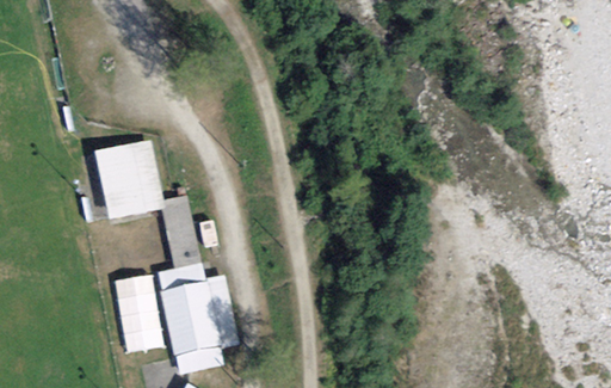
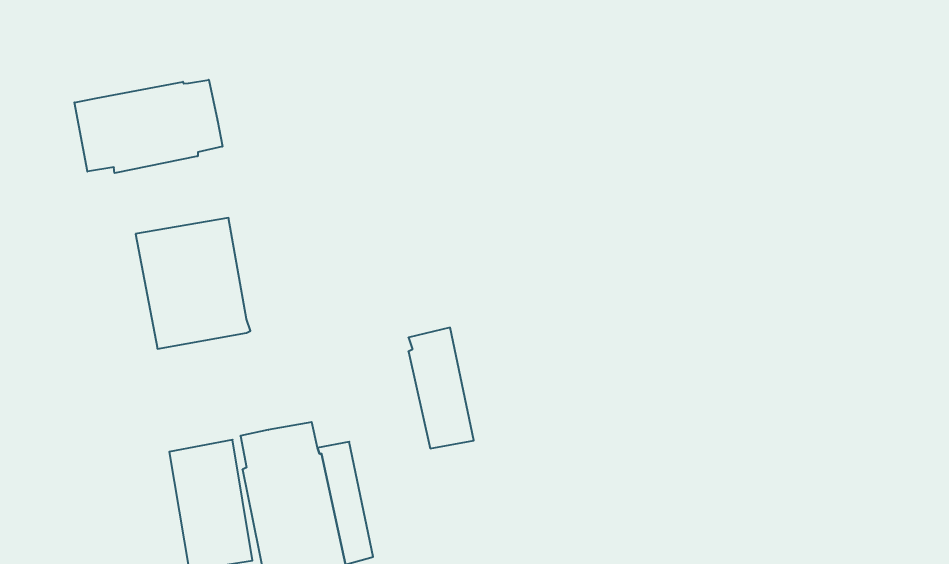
building: none -> [74,80,222,173]
building: [161,195,200,267] -> [408,328,474,448]

